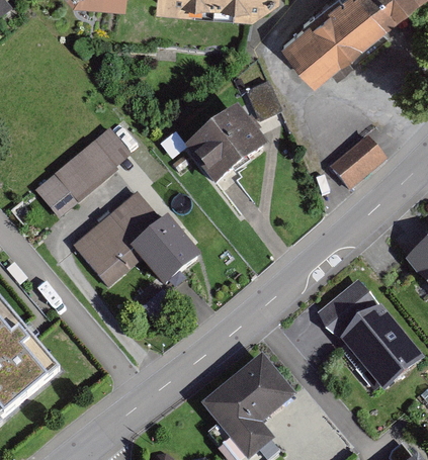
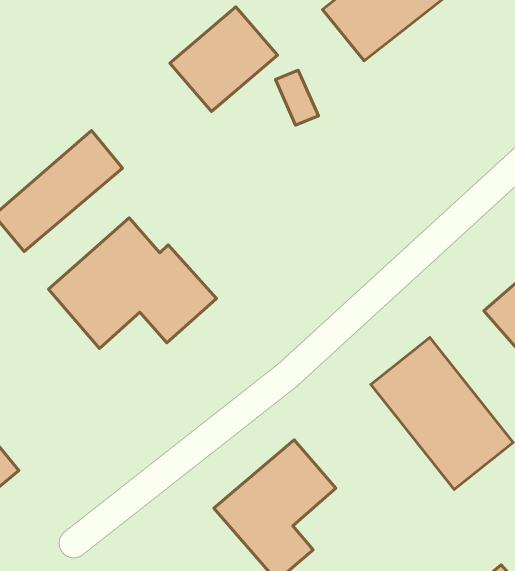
building: [185,107,266,186] -> [170,7,277,112]
building: [334,134,386,184] -> none

